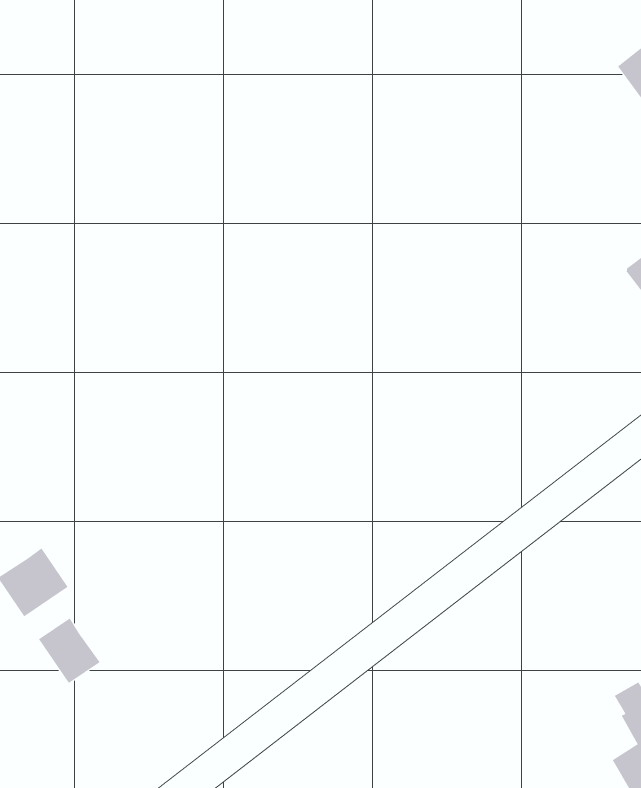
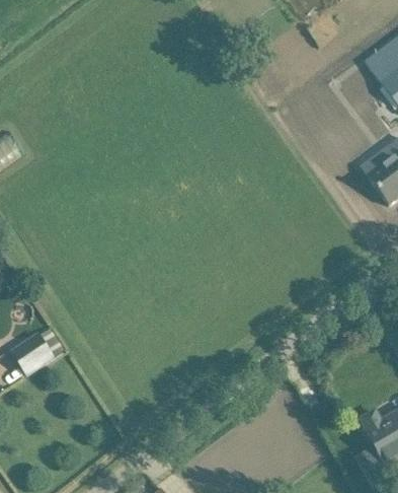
building: [38,617,100,684] -> none

